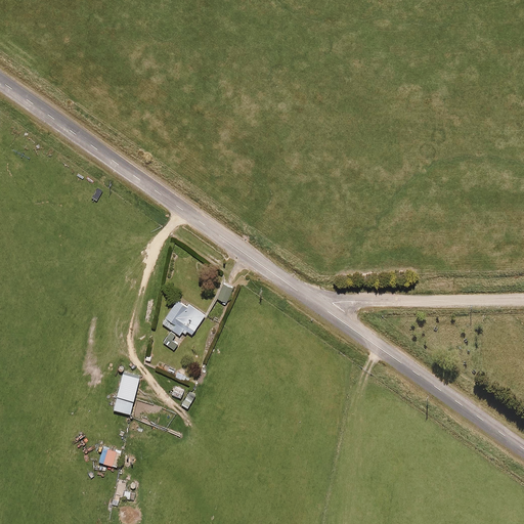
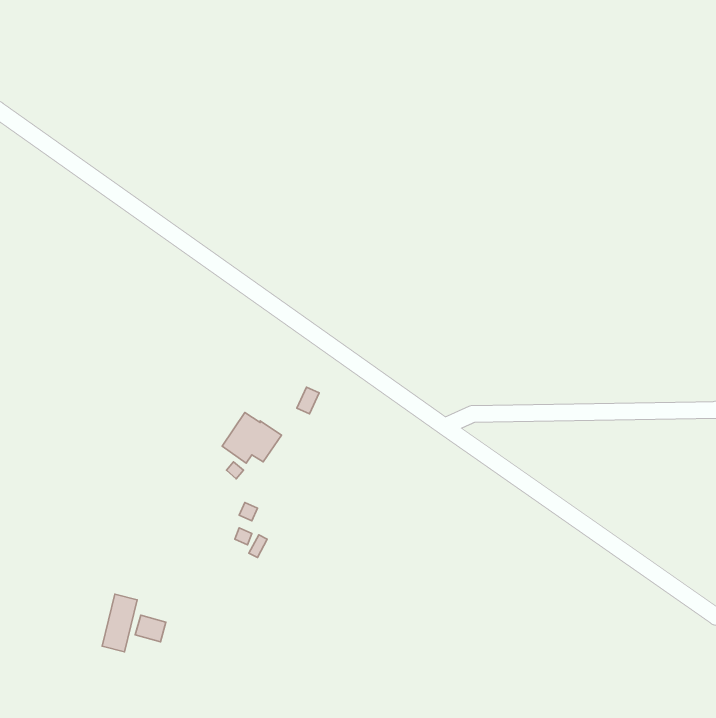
building: [114,369,139,411] -> [102,594,137,652]

